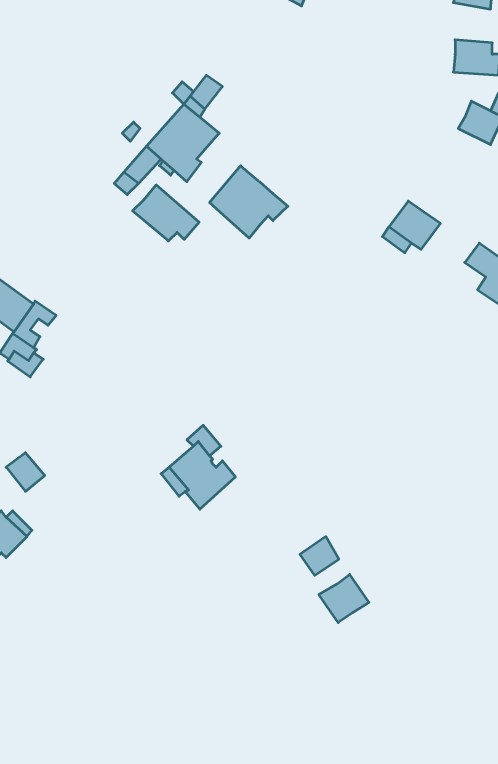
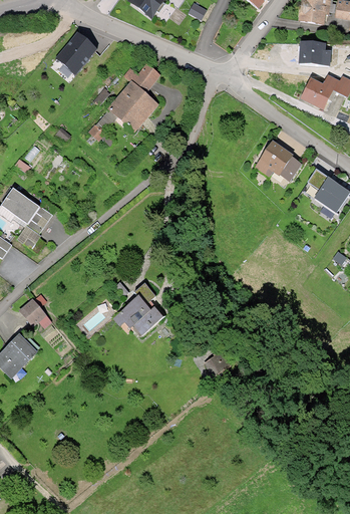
building: none -> [55,31,98,74]
building: [210,166,288,238] -> none
building: [133,185,199,241] -> none
building: [319,574,369,623] -> none

